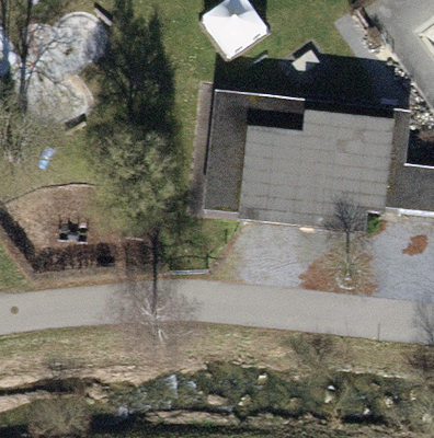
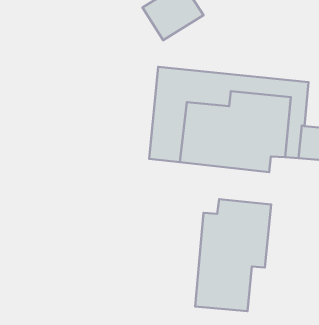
building: none -> [195,199,271,311]

